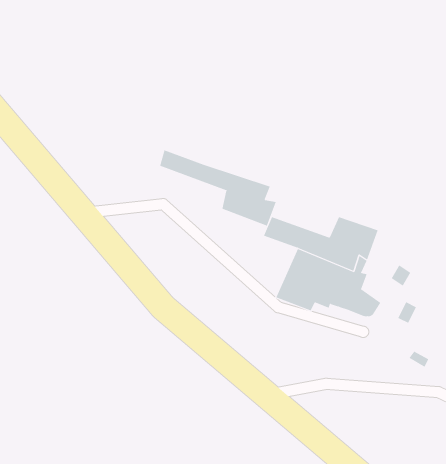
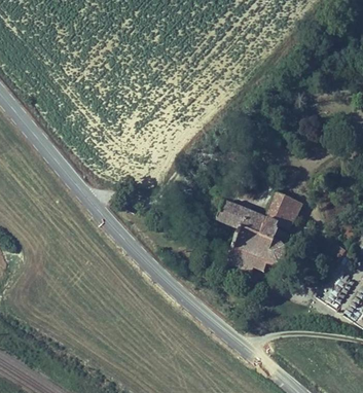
building: [159,150,276,226] -> none

